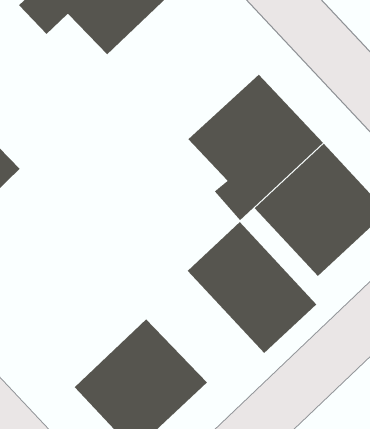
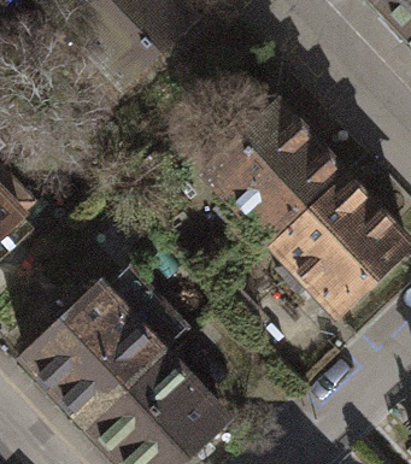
building: [187,221,317,354] -> none
building: none -> [28,265,192,421]

